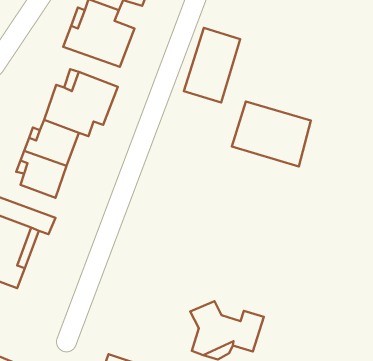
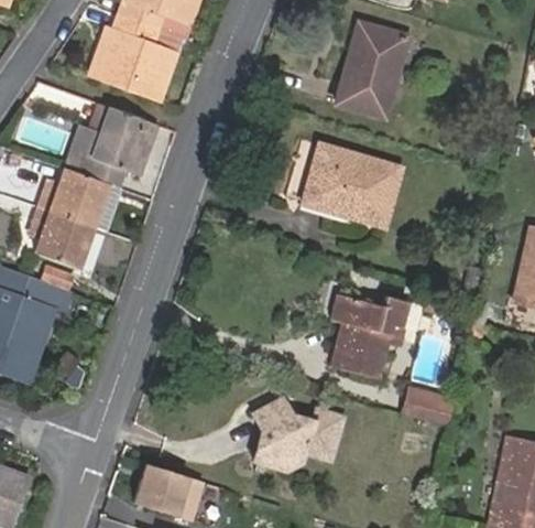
building: [184,28,240,103] -> [335,22,406,117]
building: none -> [330,293,406,379]
building: none -> [407,391,455,428]

